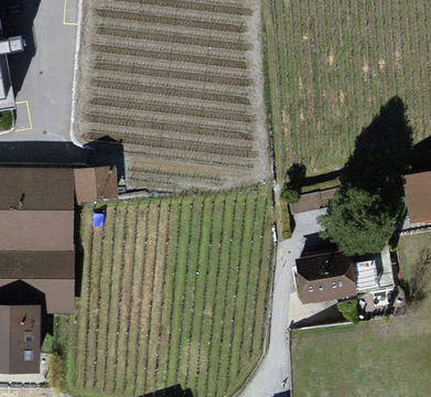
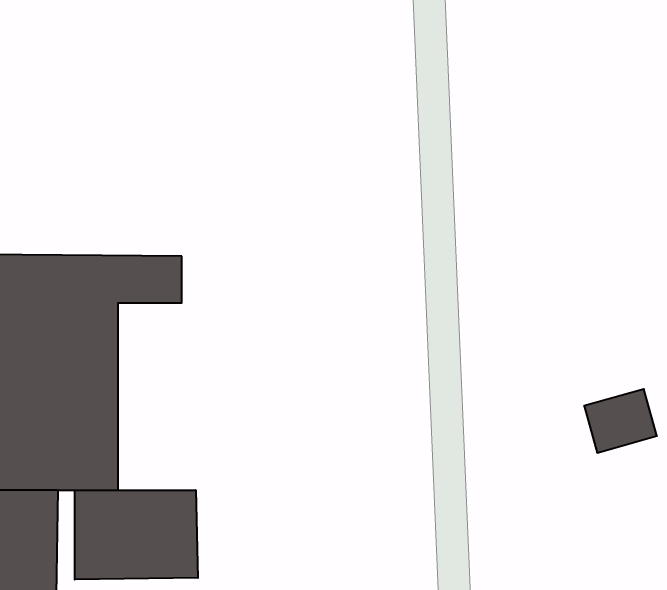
building: [293,254,351,299] -> none
building: none -> [75,490,198,580]

